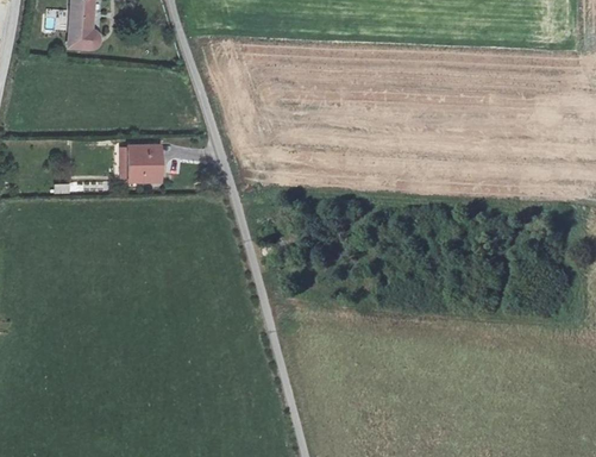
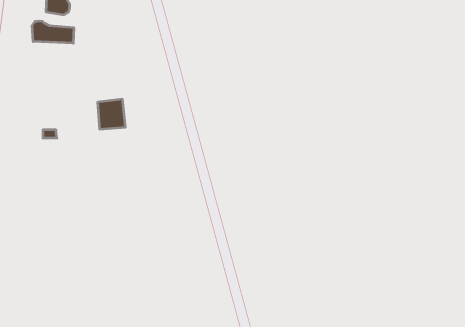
building: none -> [32,21,74,43]

